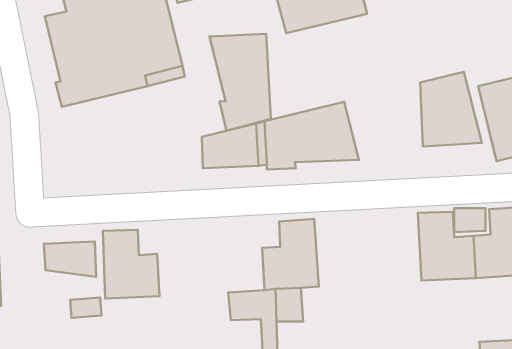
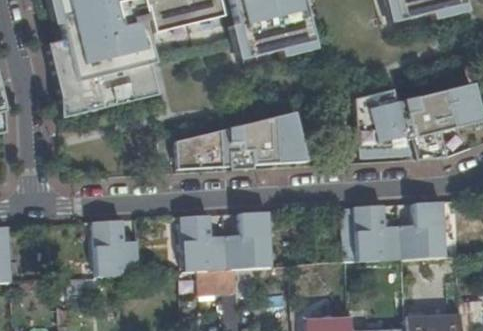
building: [210,34,271,131] -> none
building: none -> [179,213,227,272]
building: [44,241,96,277] -> none

